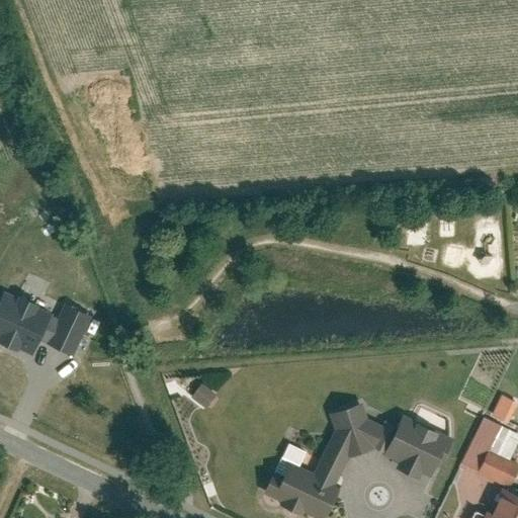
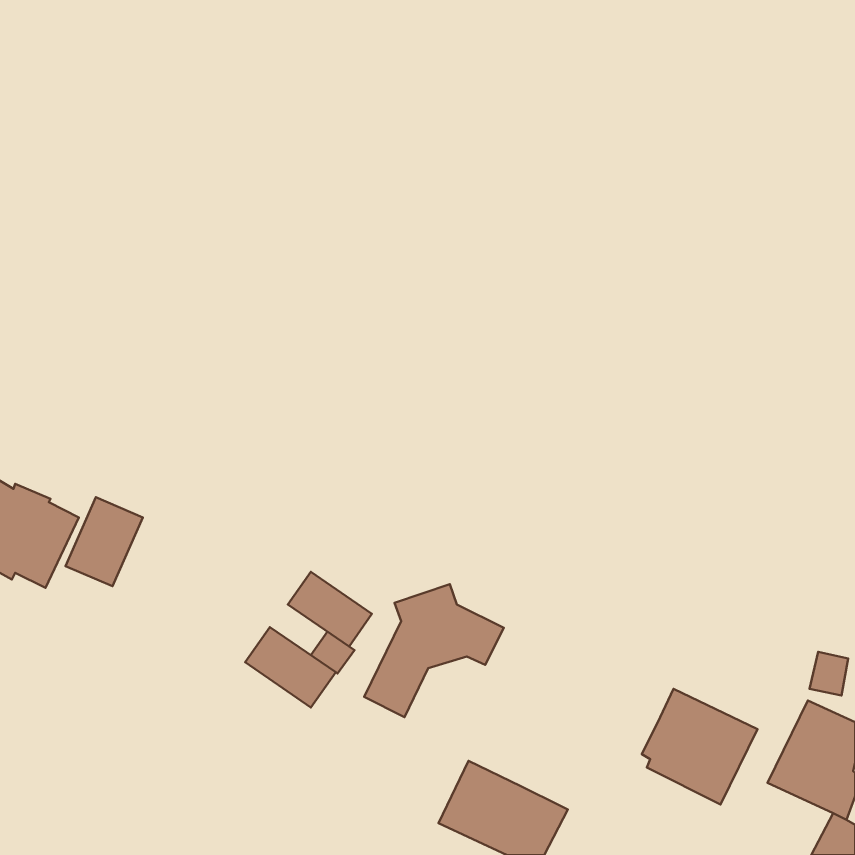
building: none -> [288,572,372,646]
building: none -> [245,627,336,708]
building: [314,406,398,486] -> [364,584,504,717]

